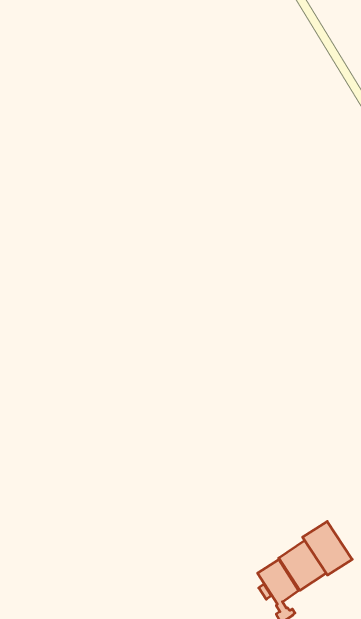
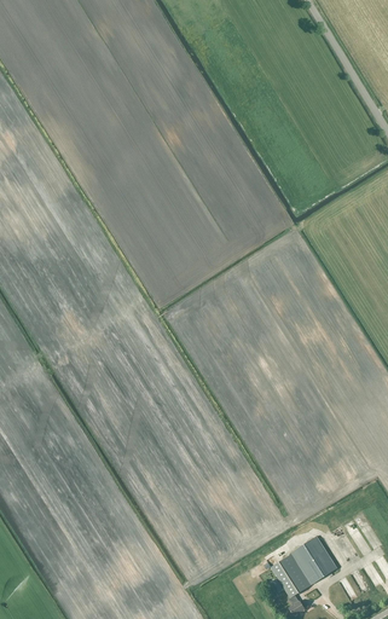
building: [303,521,352,575] -> none

